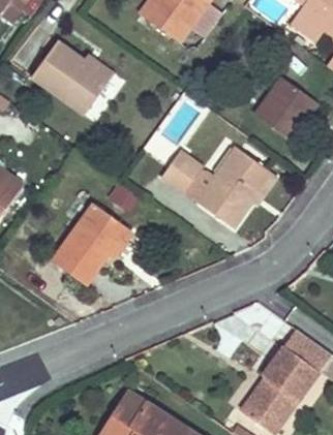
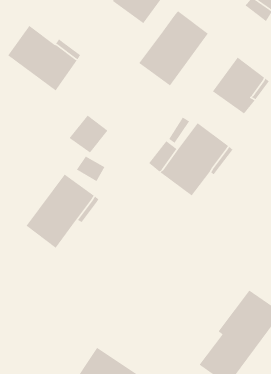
building: none -> [138,10,209,87]
building: [161,150,205,192] -> [68,114,108,153]

